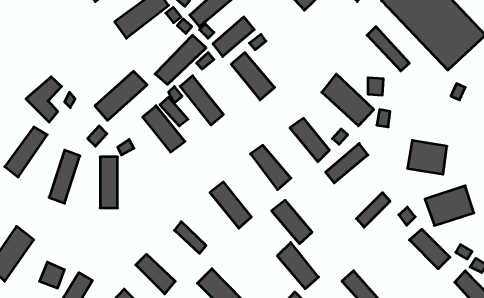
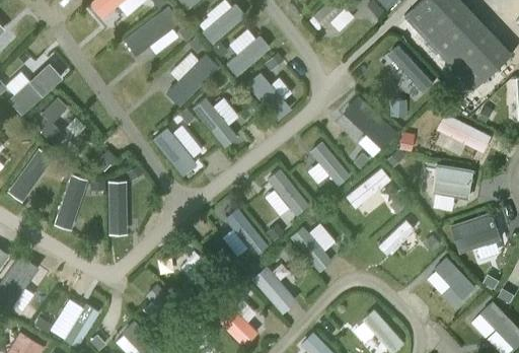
building: [95,71,147,120] -> [7,65,62,117]
building: none -> [436,115,491,154]
building: [277,242,319,289] -> [250,267,294,315]

